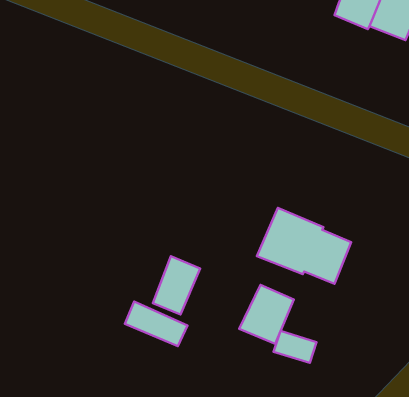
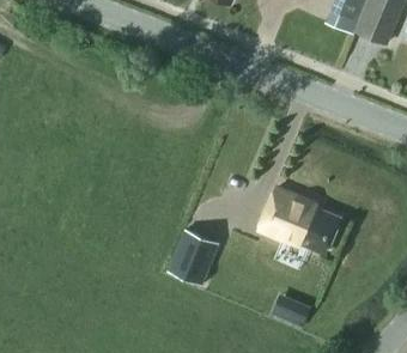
building: [239,285,294,344] -> none
building: [125,302,187,346] -> none

